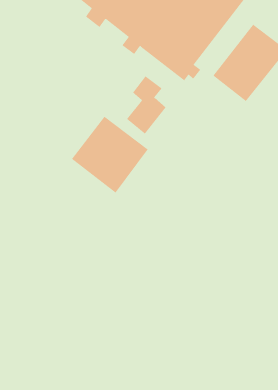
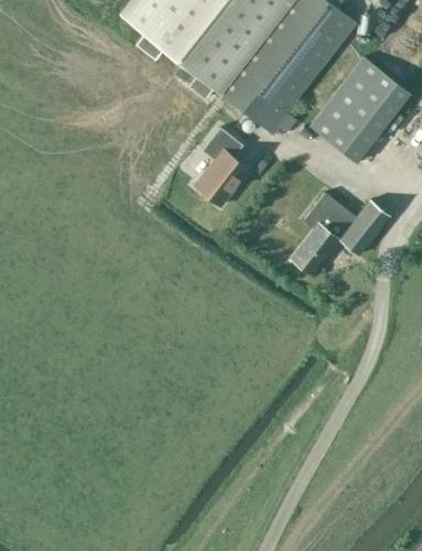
building: [71,116,148,193] -> none
building: none -> [291,192,389,272]

